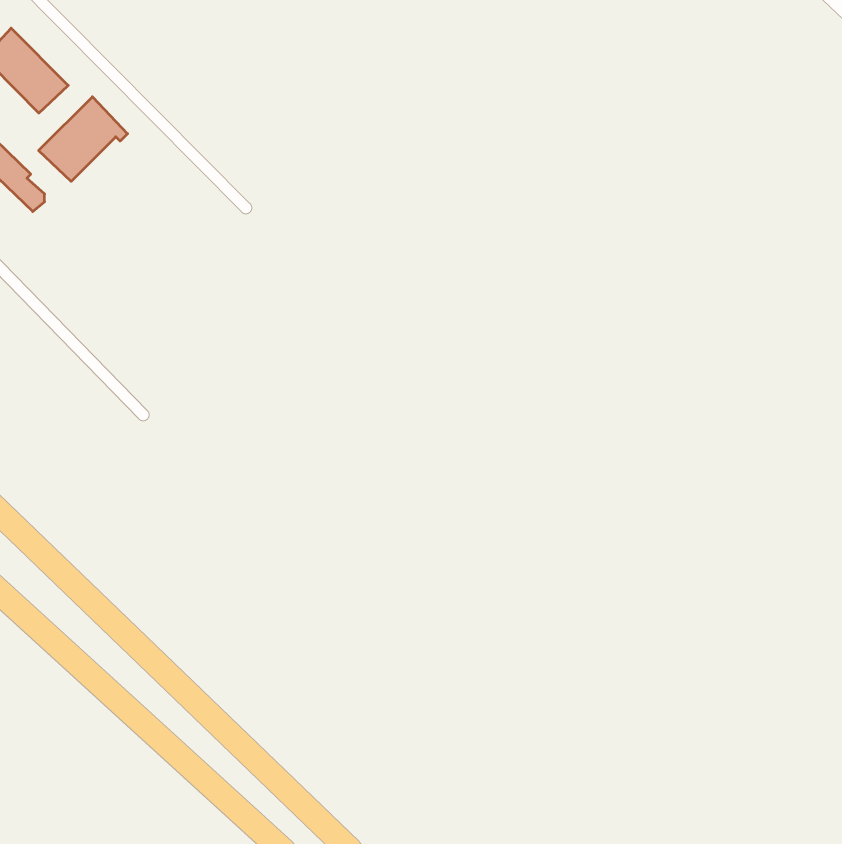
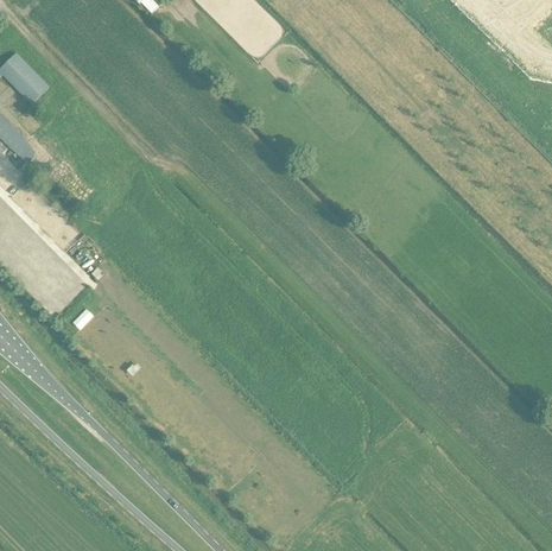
building: [39,97,128,181] -> none

